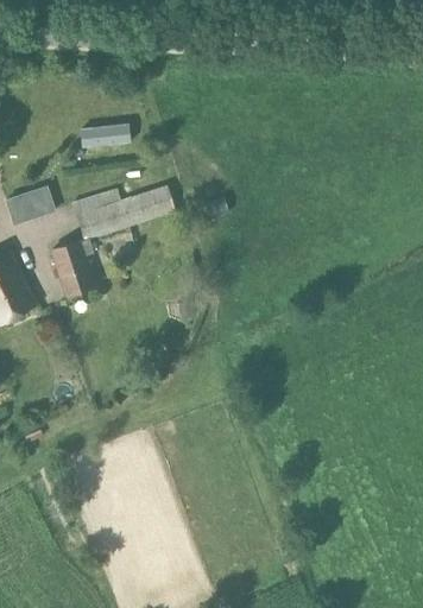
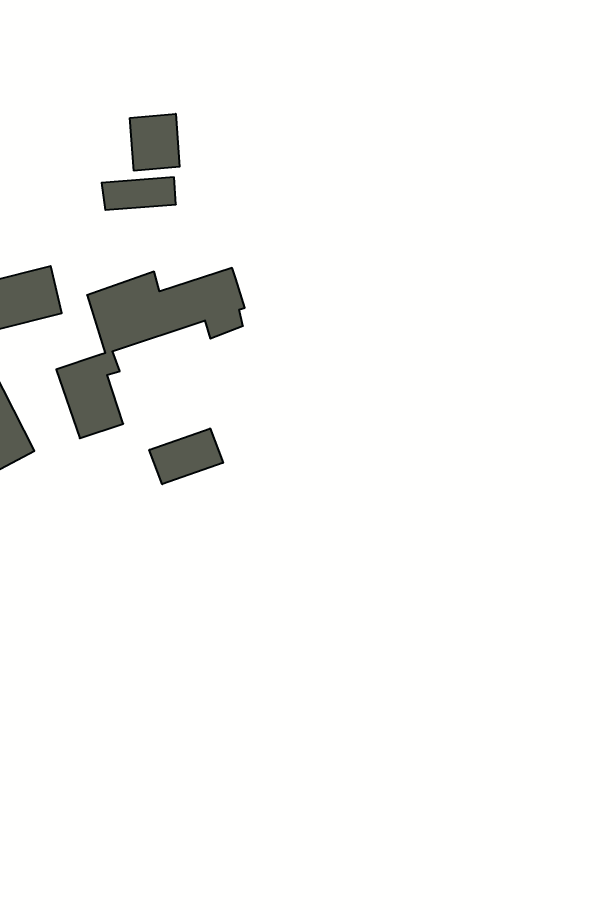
building: none -> [130,114,180,171]
building: none -> [149,428,223,484]

